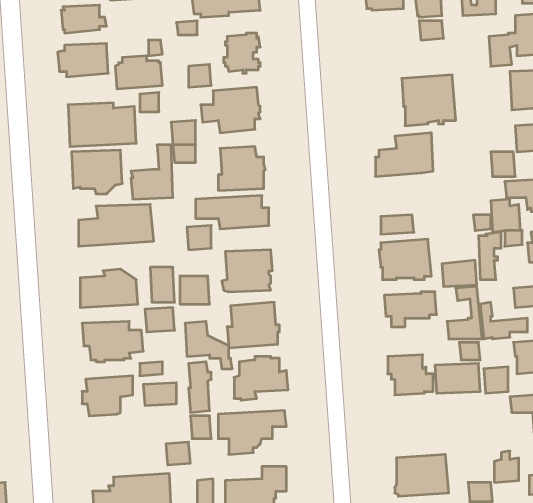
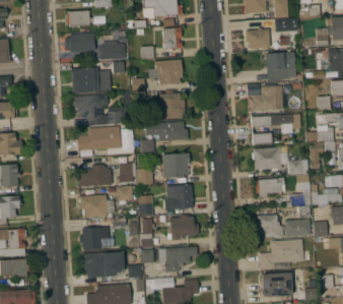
building: none -> [246,29,270,49]
building: none -> [252,115,300,134]
building: none -> [259,240,303,269]
building: none -> [81,252,125,280]

